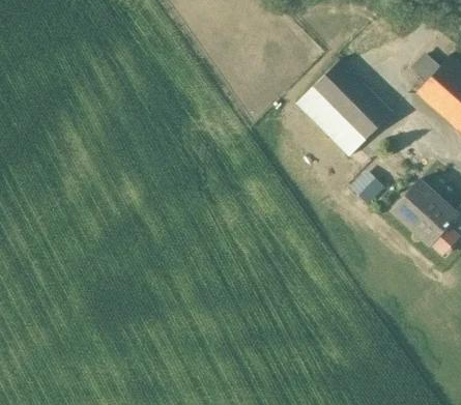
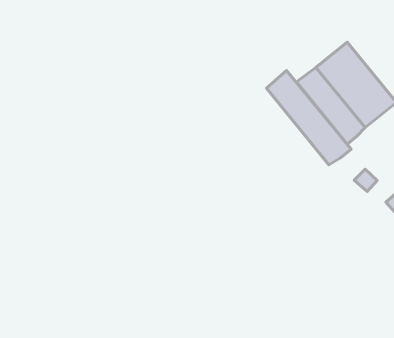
building: none -> [267,71,351,165]

